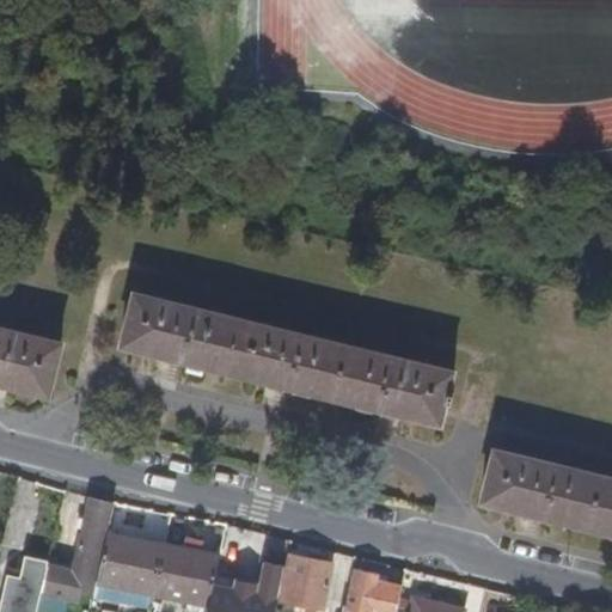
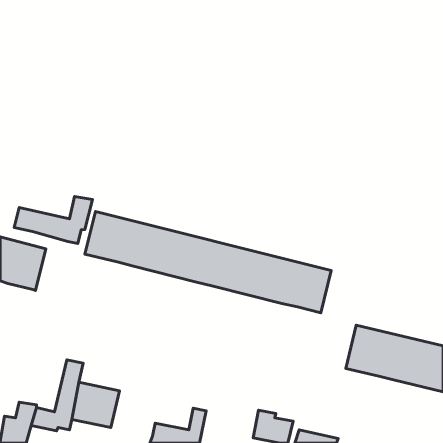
building: none -> [14,197,92,244]
building: [153,539,221,601] -> none
building: [282,551,335,604] -> none

